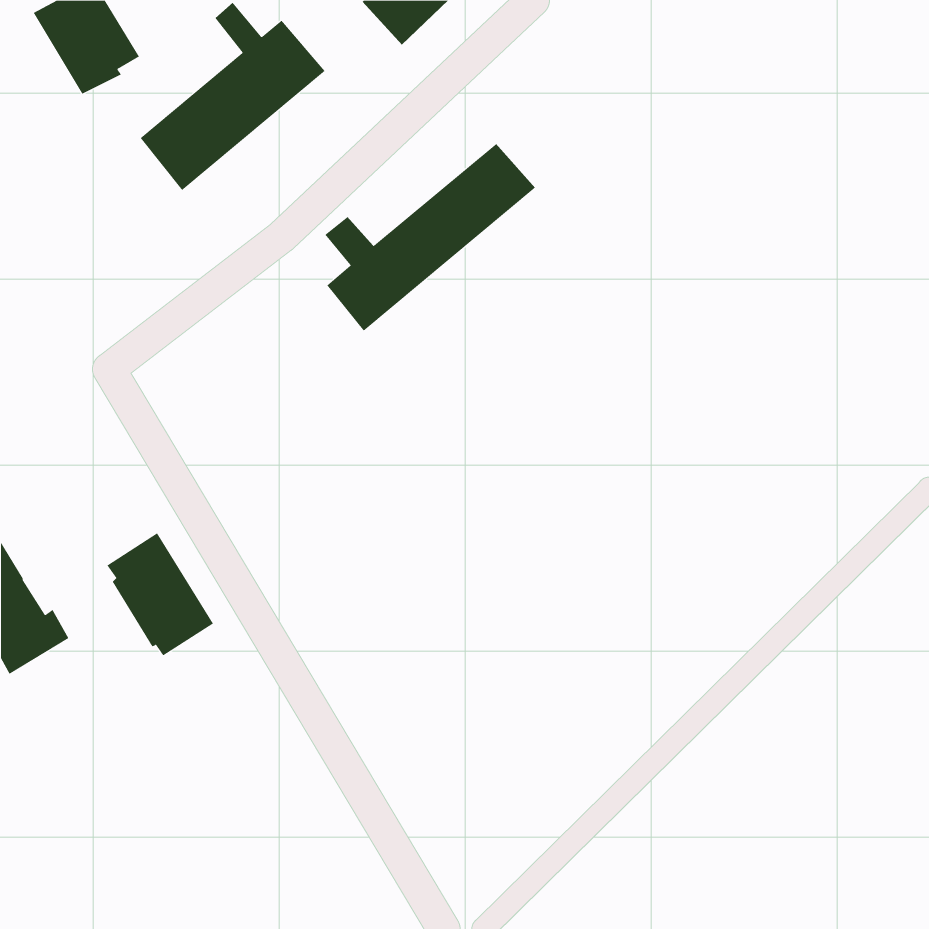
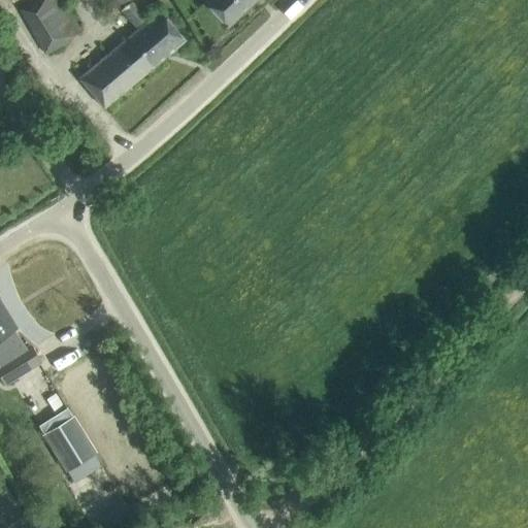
building: [324,143,536,332] -> none
building: [107,533,214,656] -> [38,407,99,477]

